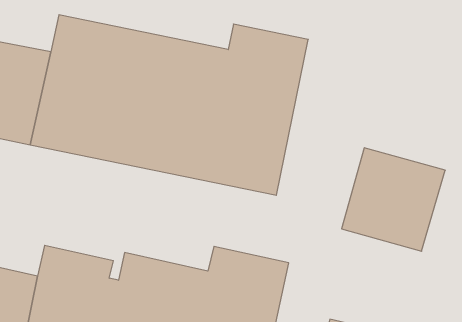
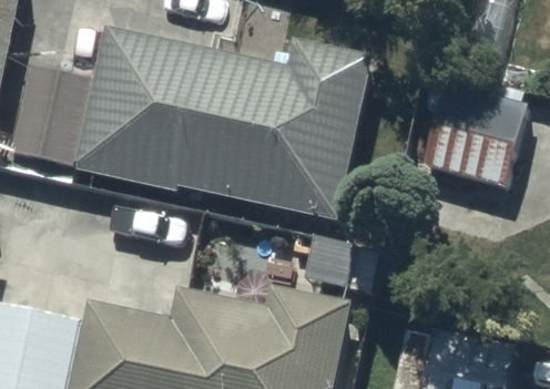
building: [342,148,445,251] -> [417,75,529,187]

